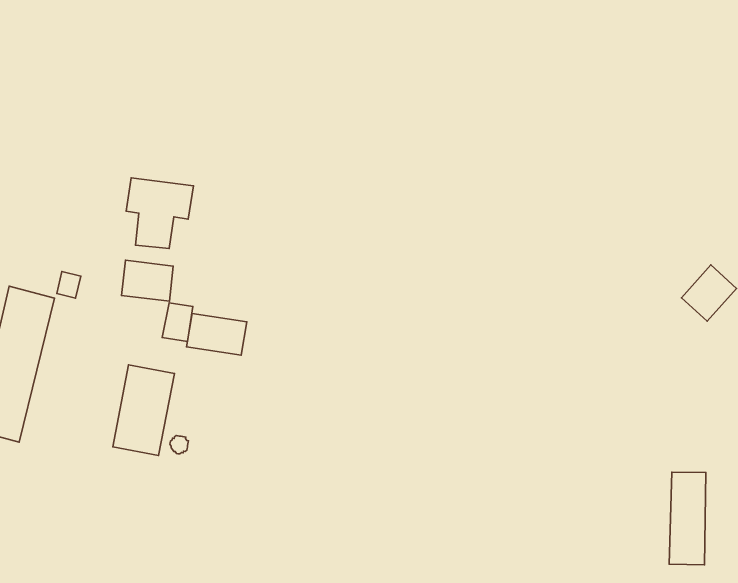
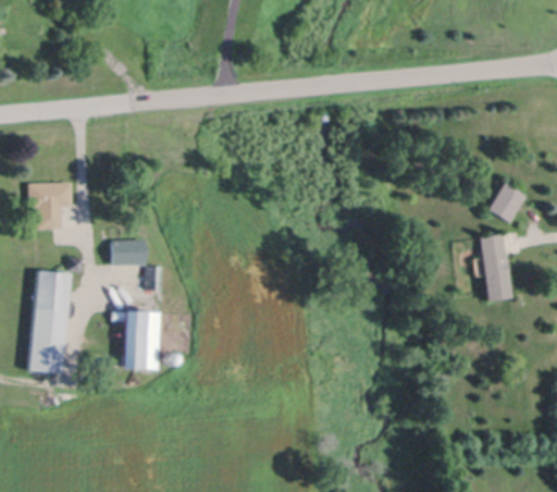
building: [126,178,193,249] -> [28,182,71,227]
building: [187,313,247,355] -> none
building: [669,472,706,565] -> [482,236,513,302]

